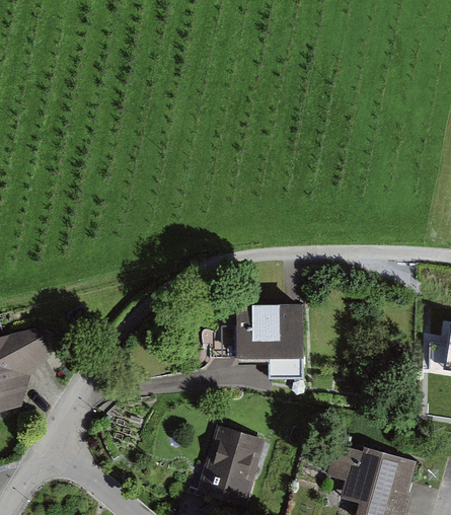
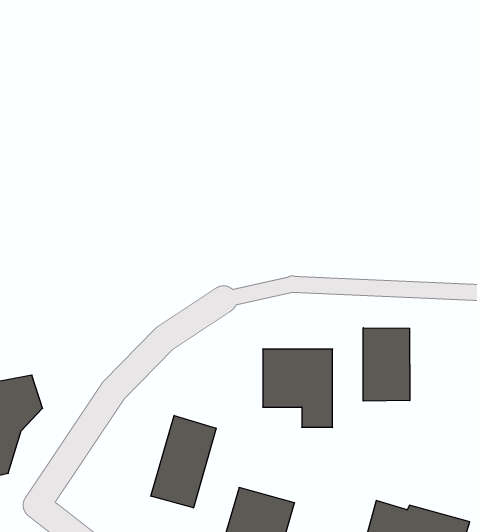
building: none -> [363,328,410,401]
building: none -> [151,415,216,508]

